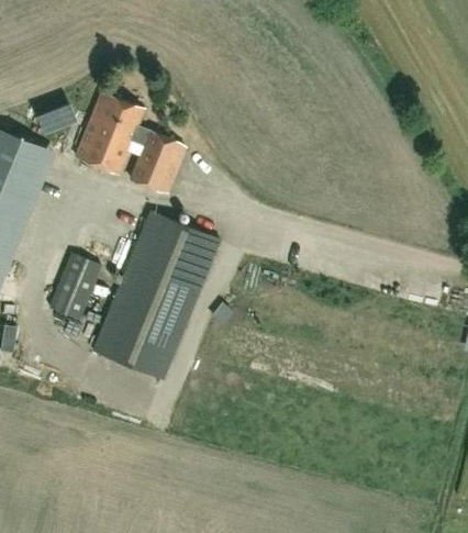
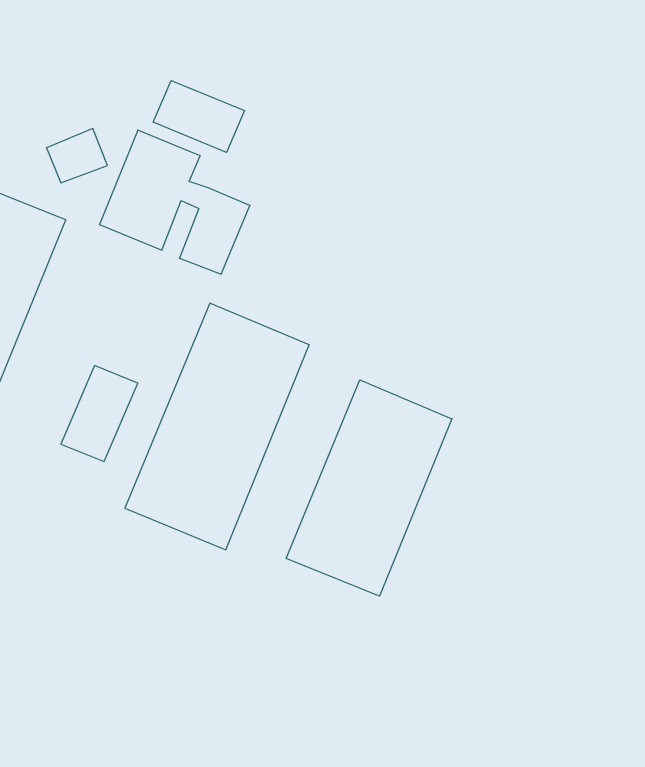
building: none -> [153,81,244,152]
building: none -> [286,380,452,596]

